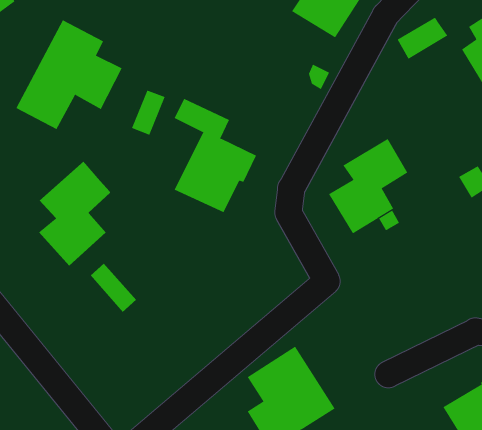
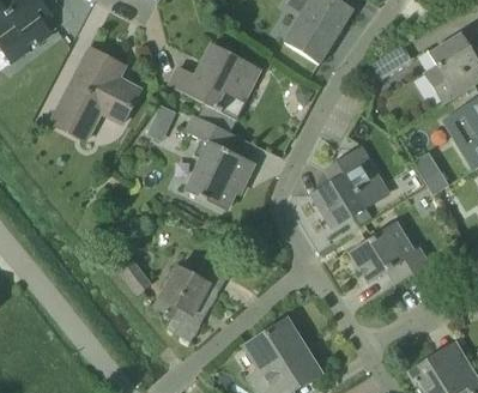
building: none -> [170,42,259,116]
building: [38,161,111,266] -> none
building: none -> [349,222,430,283]
building: none -> [153,265,218,339]

